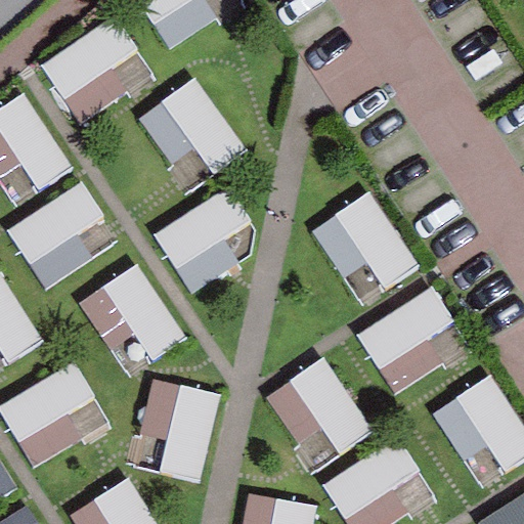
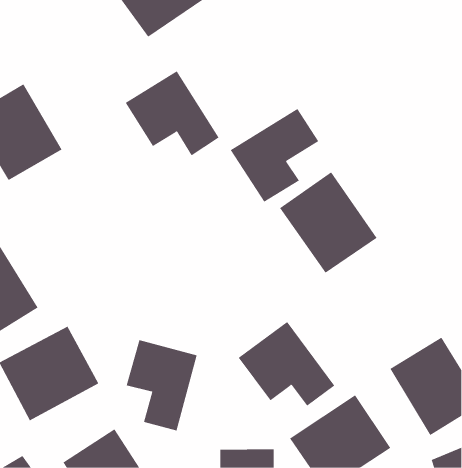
building: [41,15,155,125] -> none
building: [7,183,103,289] -> none
building: [154,187,253,293] -> [230,108,319,203]
building: [77,265,184,376] -> none
building: [357,288,471,397] -> none

